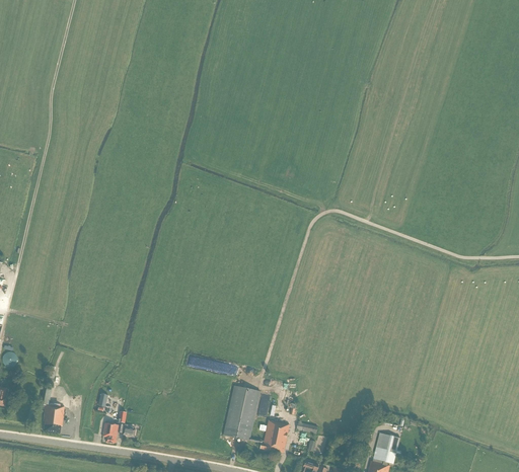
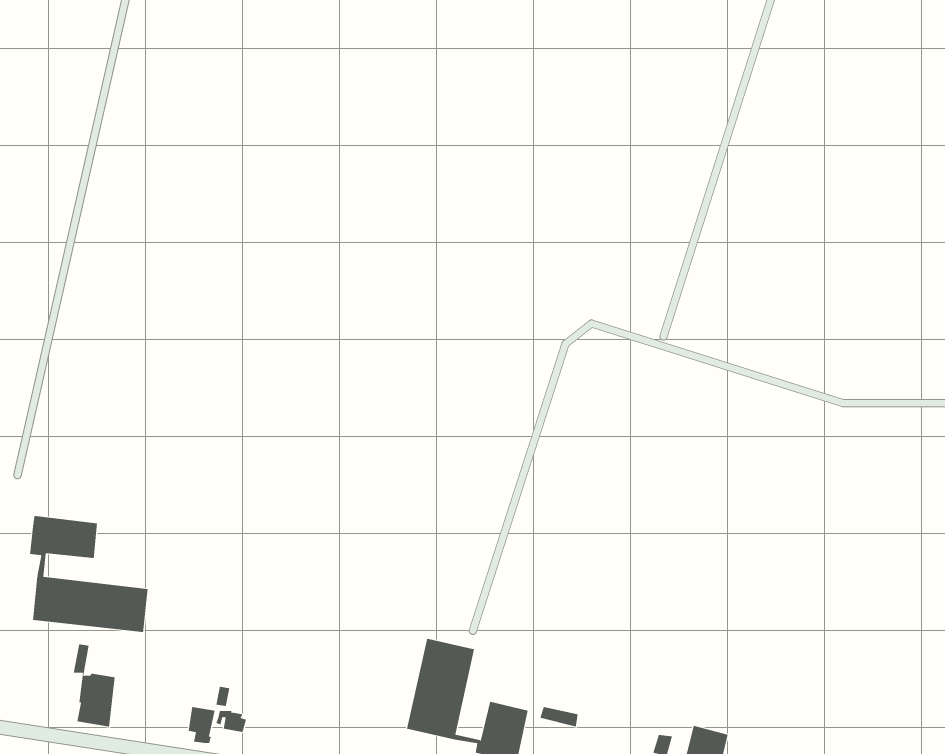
building: none -> [29,515,148,633]

